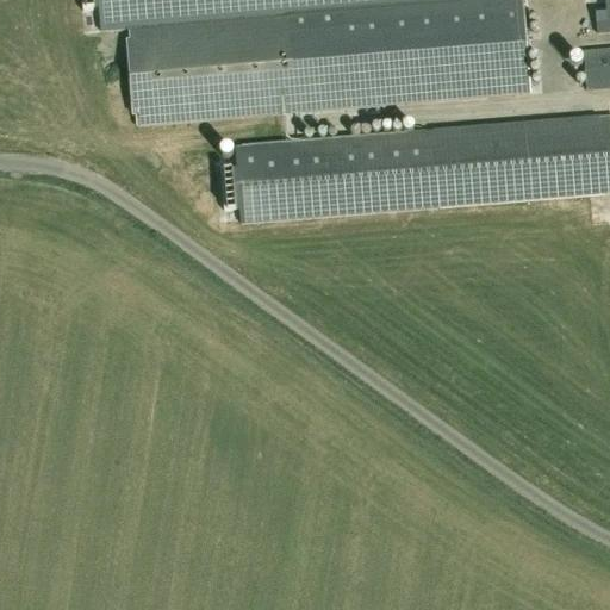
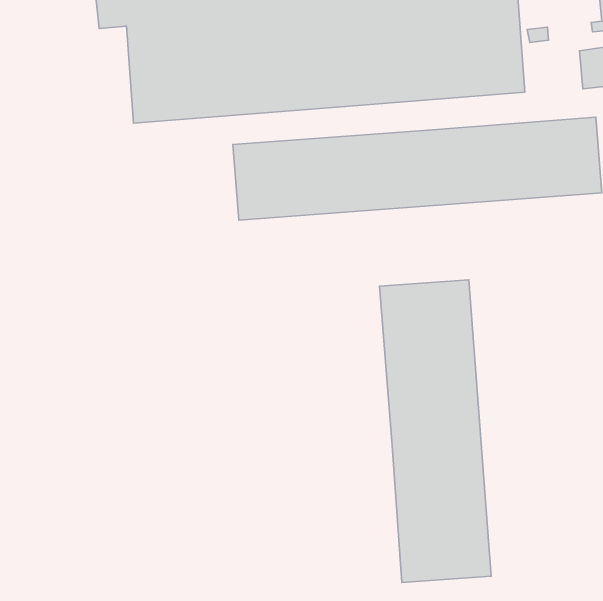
building: none -> [380,280,491,583]

